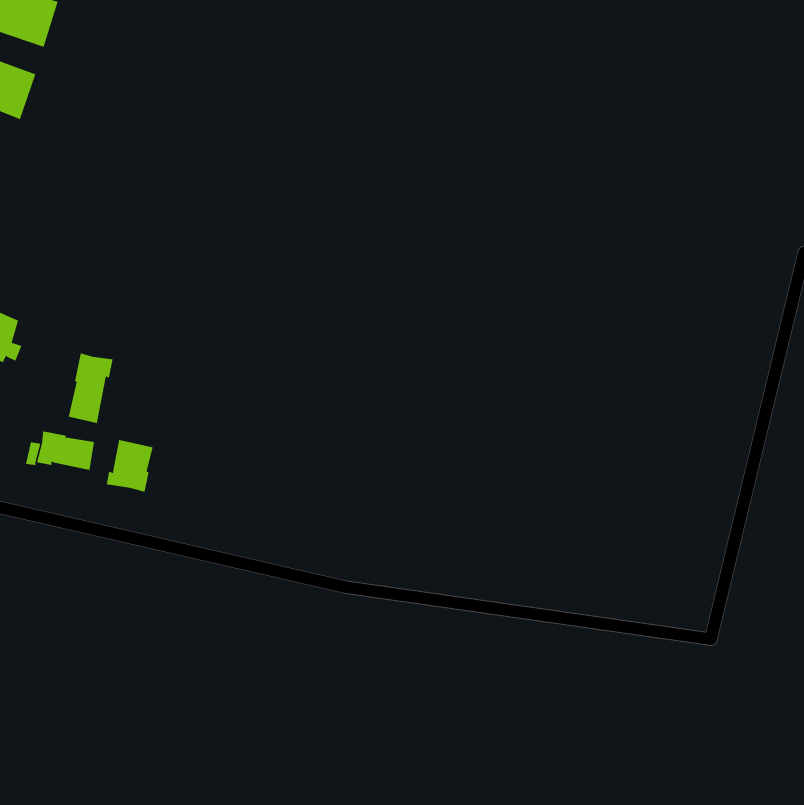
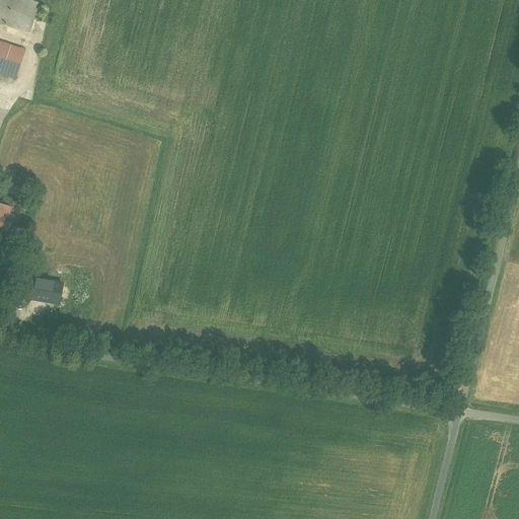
building: [68,352,113,424] -> none
building: [106,439,153,493] -> none

